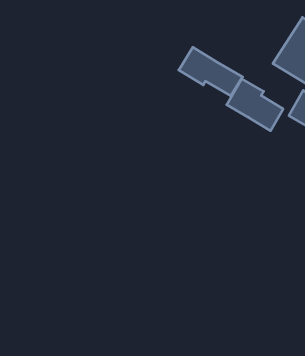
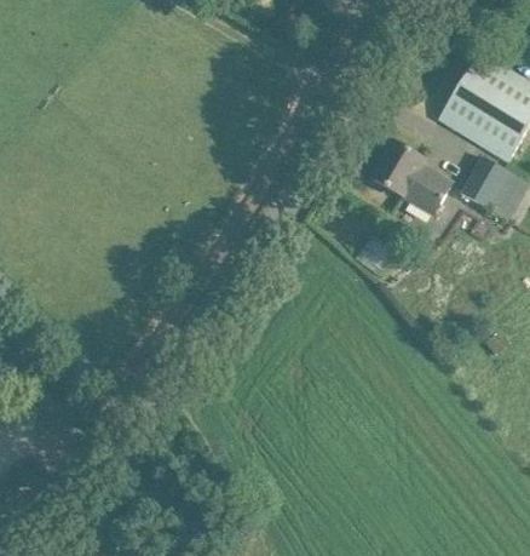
building: [179,47,243,96] -> none

